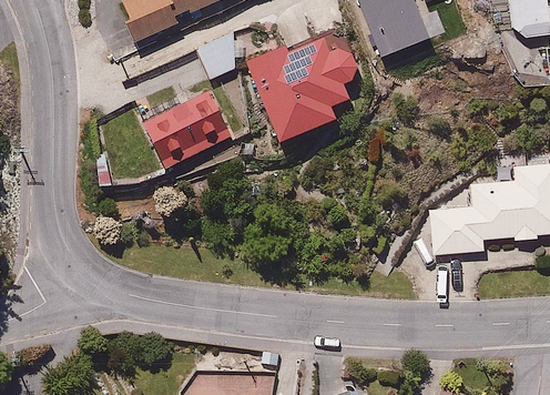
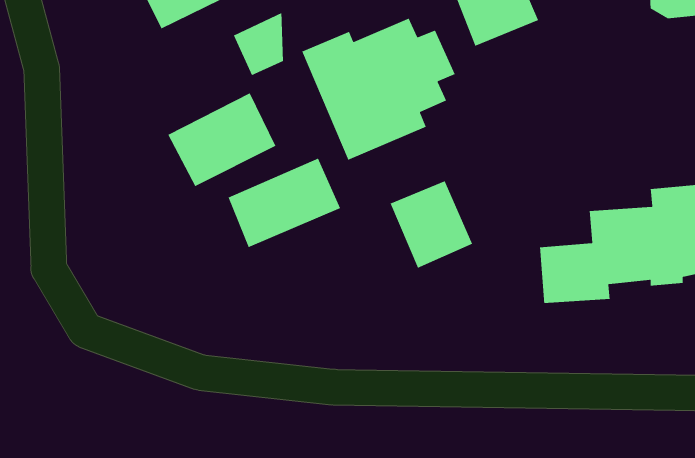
building: none -> [227,158,341,248]
building: none -> [390,180,473,269]

